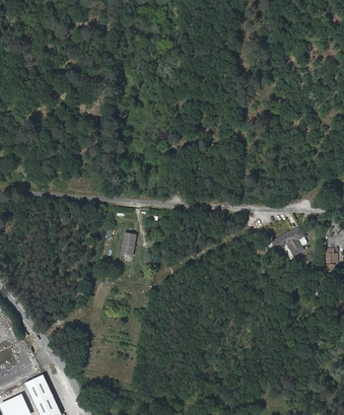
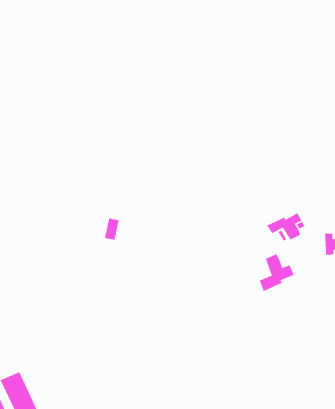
building: none -> [259,253,295,292]

